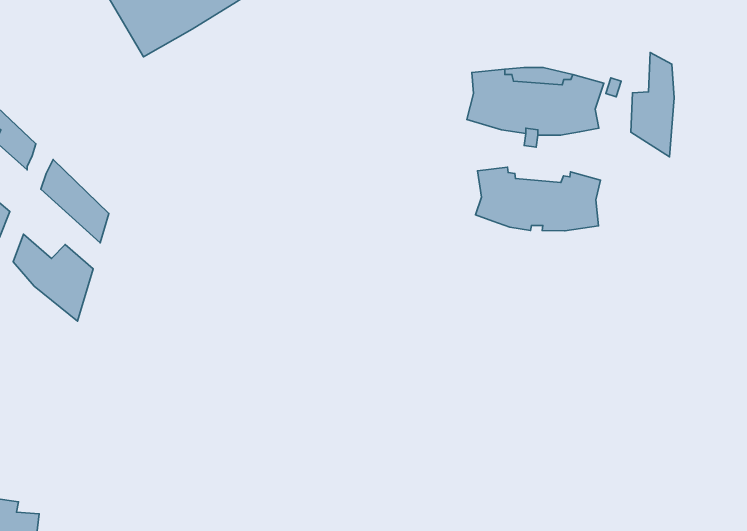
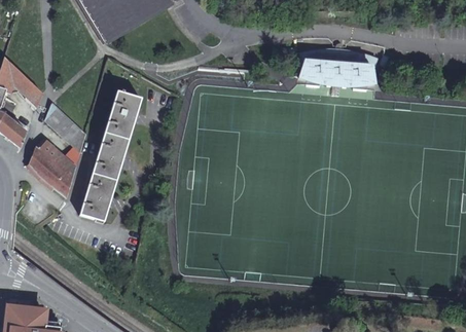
building: [631,53,674,157] -> none
building: none -> [81,89,142,219]
building: [476,167,601,231] -> none

